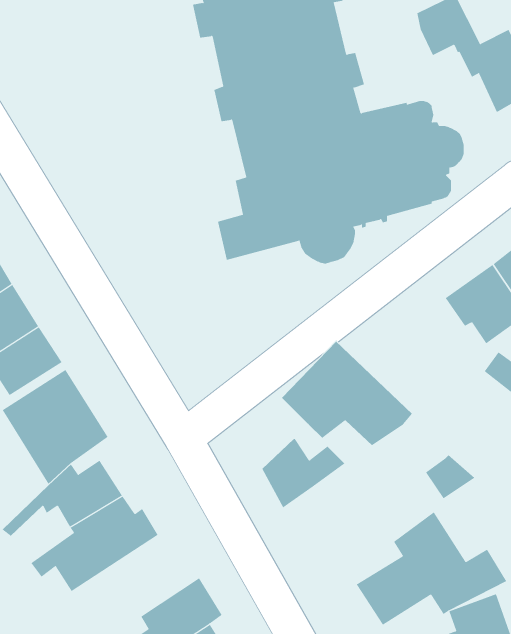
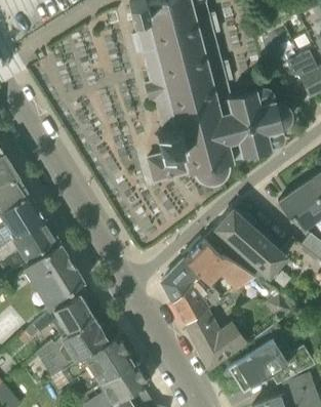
building: none -> [216,209,286,276]
building: none -> [162,260,200,301]
building: none -> [186,312,243,369]
building: none -> [64,336,137,386]

